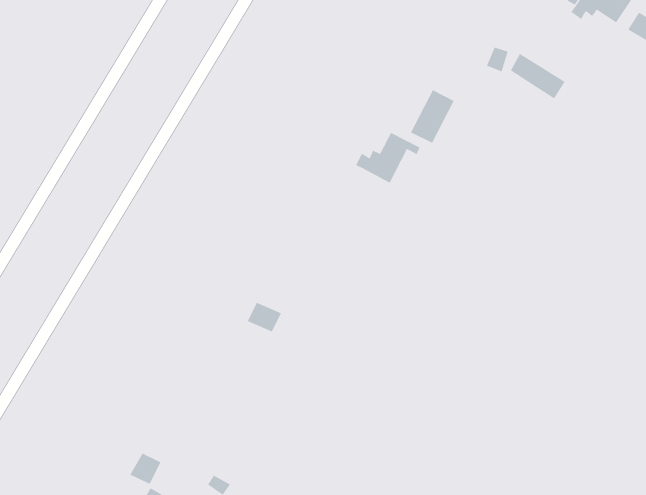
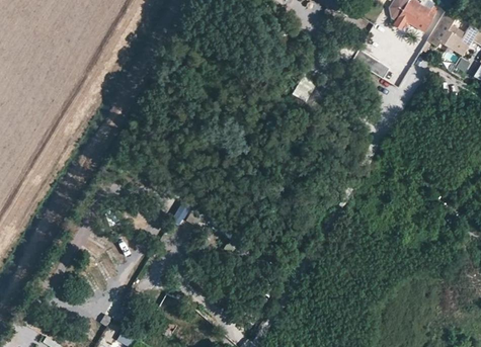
building: [356,132,420,183] -> none

